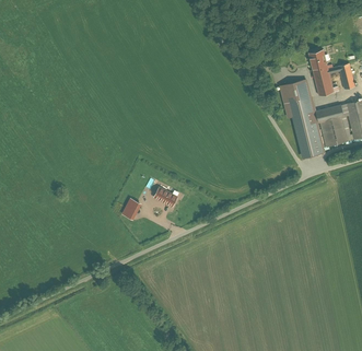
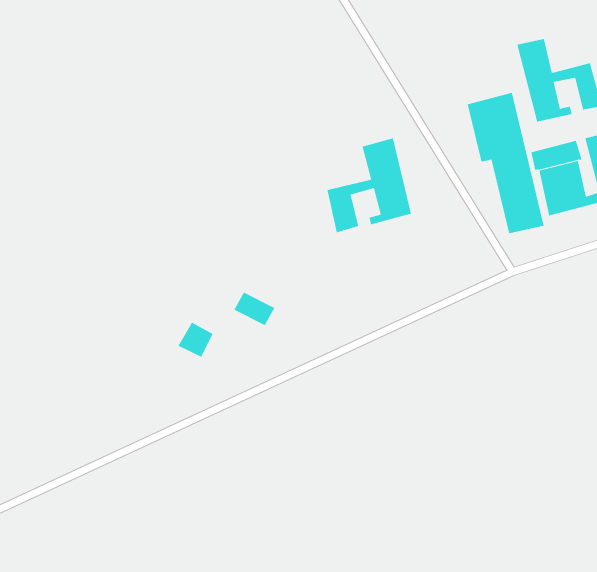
building: none -> [327,137,412,233]

